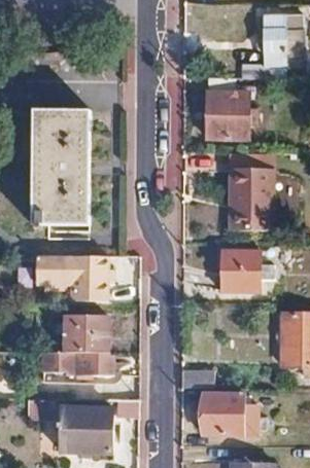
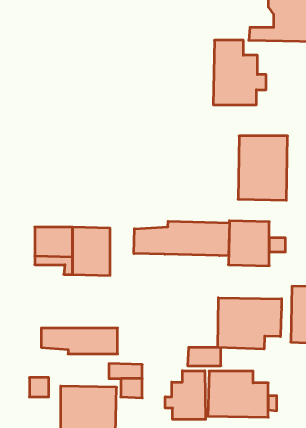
building: [32,110,89,225] -> none
building: none -> [134,221,229,256]
building: [64,316,106,352] -> none
building: none -> [218,298,282,349]
building: none -> [165,371,206,419]

